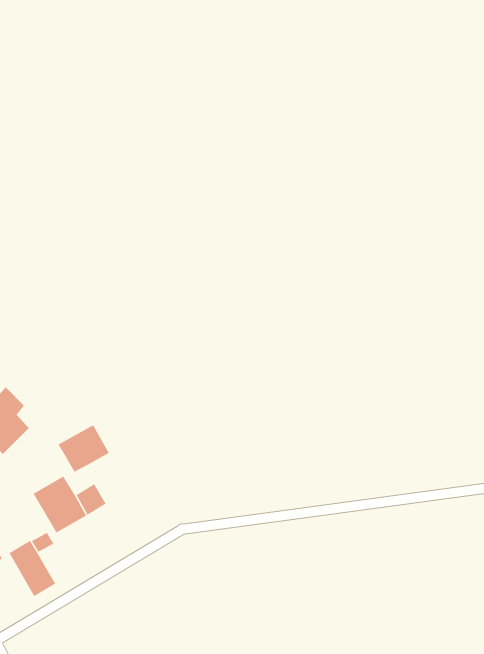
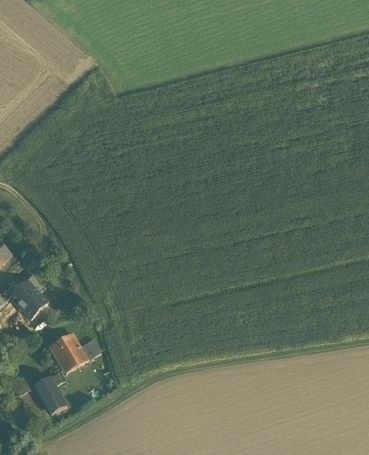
building: [58,424,110,473] -> none

